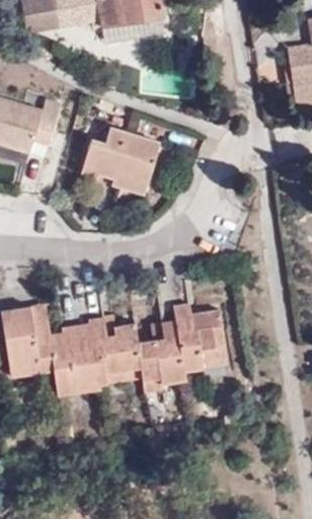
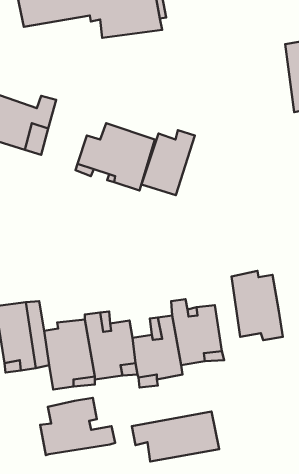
building: none -> [141,130,195,195]
building: none -> [231,271,283,340]
building: none -> [40,398,115,455]
building: none -> [132,412,219,461]

